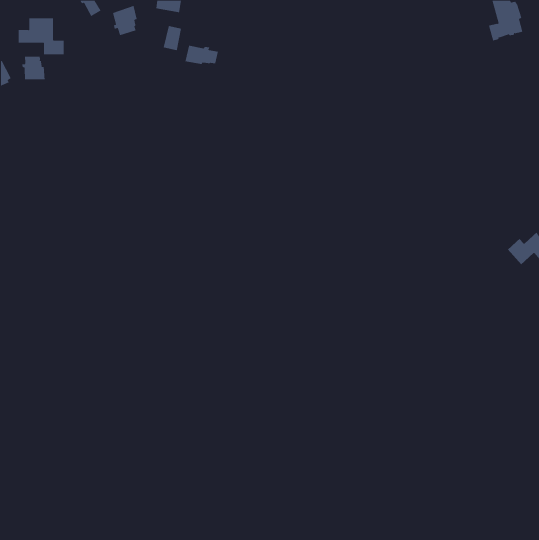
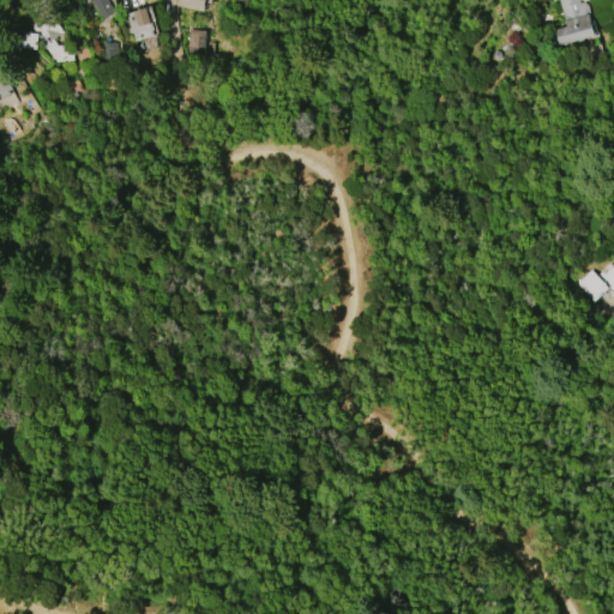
building: [185,45,218,65] -> none
building: [22,56,45,80] -> none

